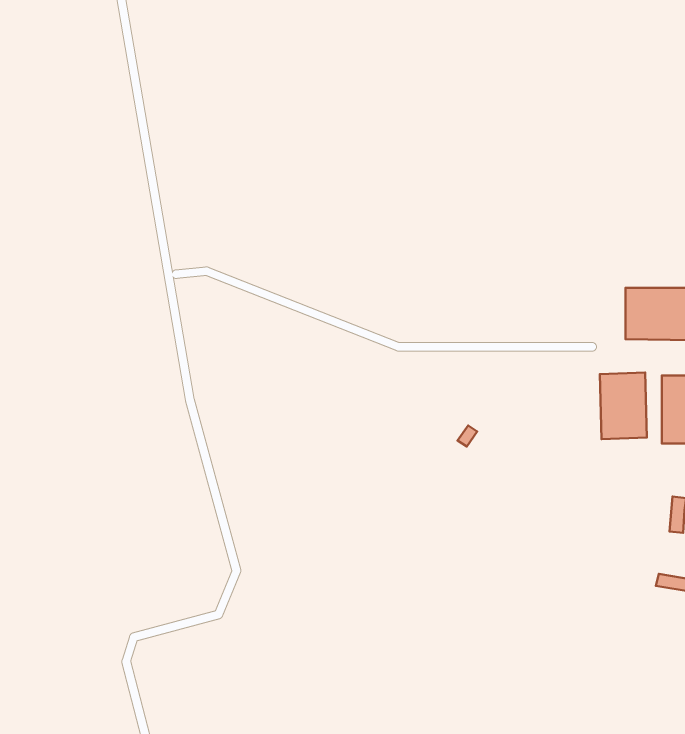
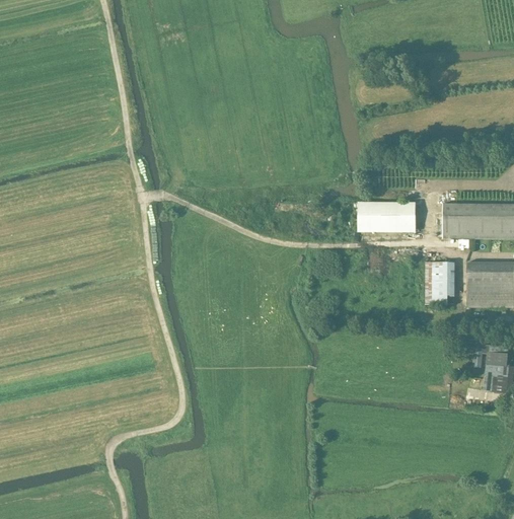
building: none -> [359,201,418,232]

